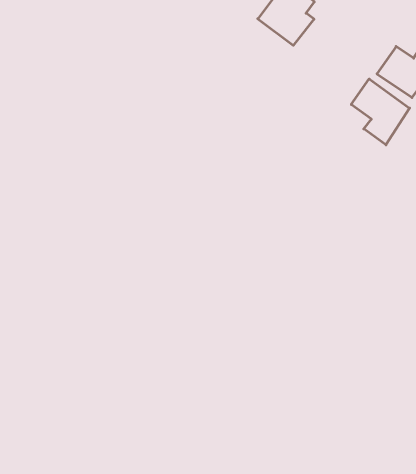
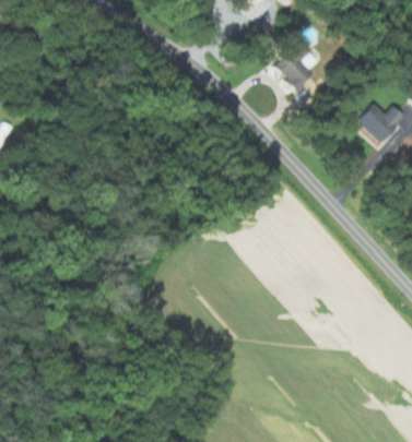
building: [351,79,410,145] -> none

